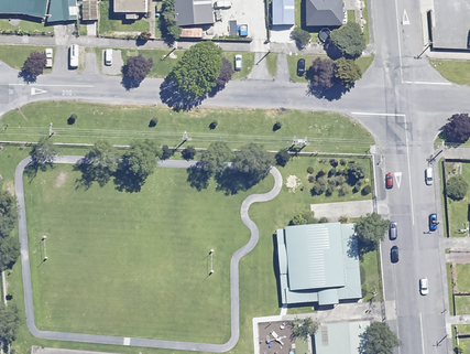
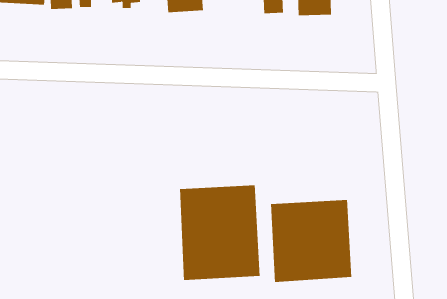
building: none -> [180,184,260,281]

